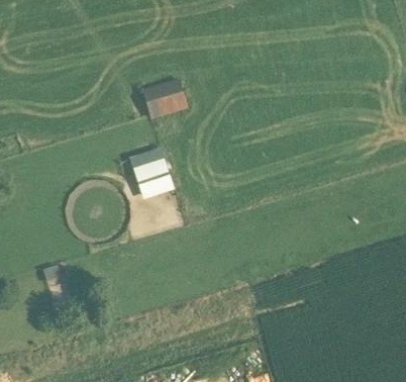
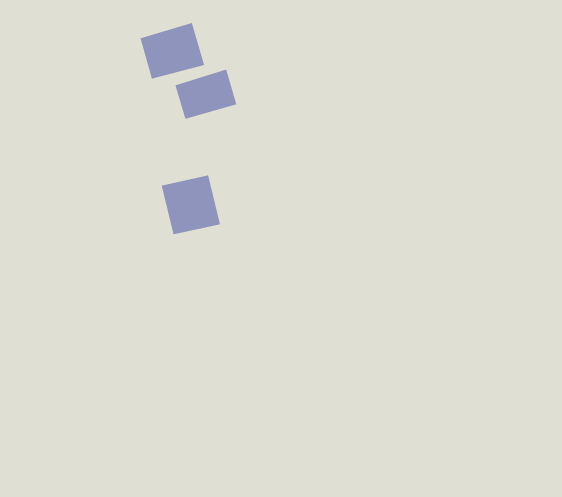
building: none -> [140,22,205,80]

